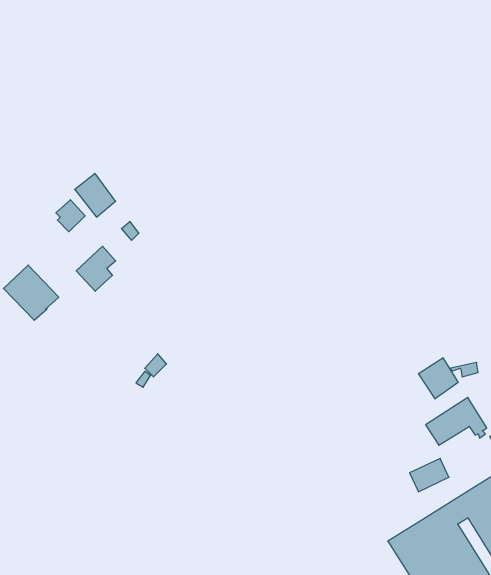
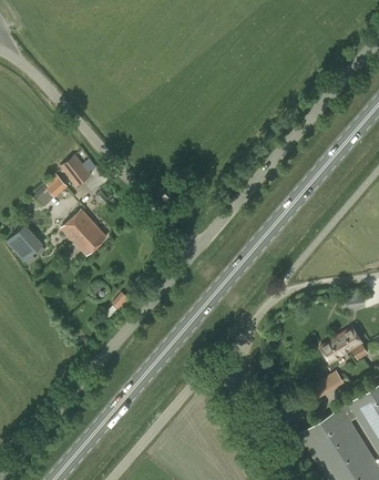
building: none -> [74,221,106,256]
building: [419,358,458,399] -> none

